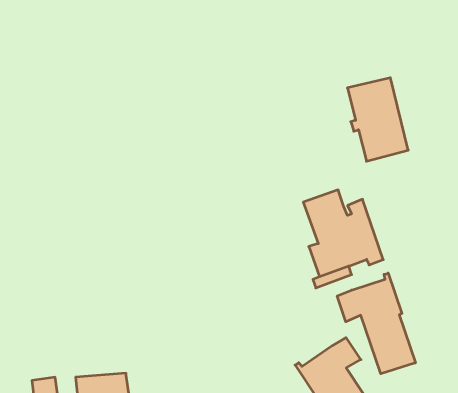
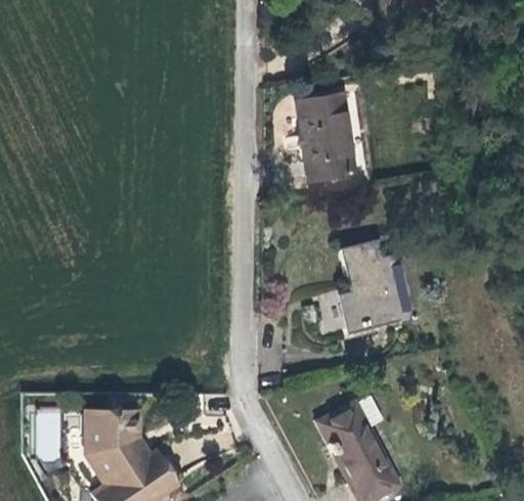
building: [347,78,408,161] -> [297,94,354,179]
building: [337,273,415,374] -> none

